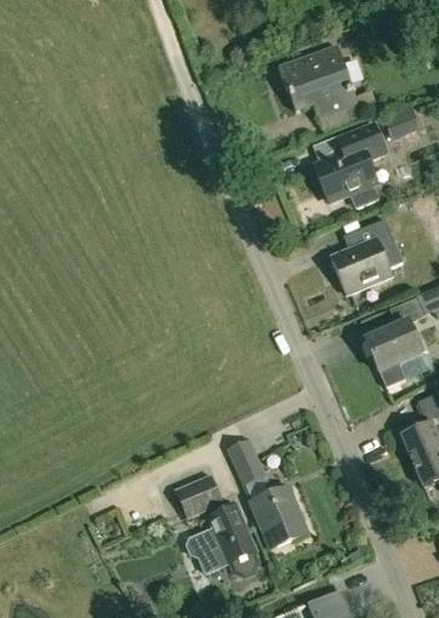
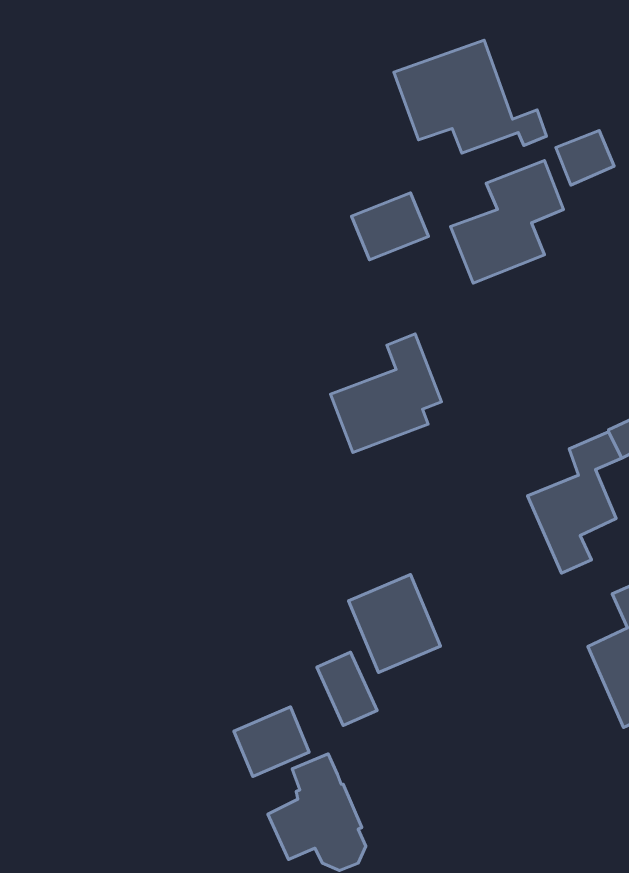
building: none -> [352,193,428,260]
building: [330,217,402,293] -> [330,334,441,453]
building: [250,485,309,548] -> [348,575,441,672]

